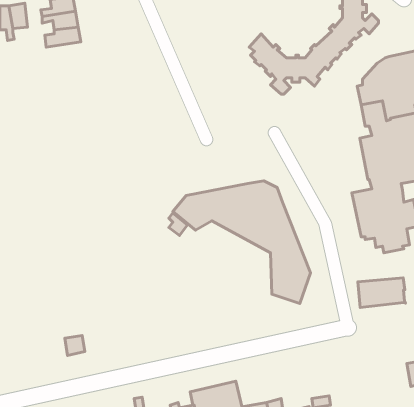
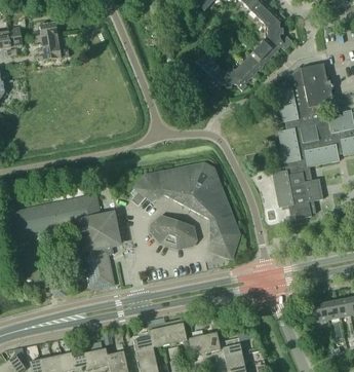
building: none -> [8,195,118,288]
building: none -> [149,215,196,249]
building: [358,278,405,307] -> none

